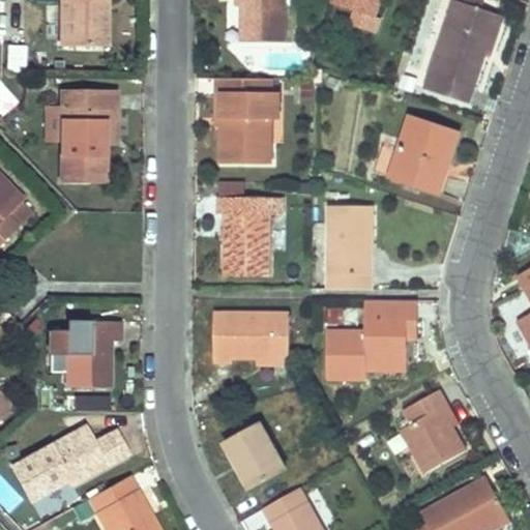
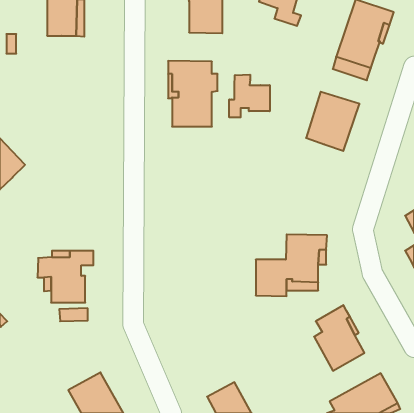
building: [59,92,114,179] -> none
building: none -> [229,75,270,117]
building: [219,197,284,275] -> none
building: [327,205,372,289] -> none
building: [213,313,289,361] -> none
building: [225,423,286,489] -> none
building: [11,426,126,500] -> none

